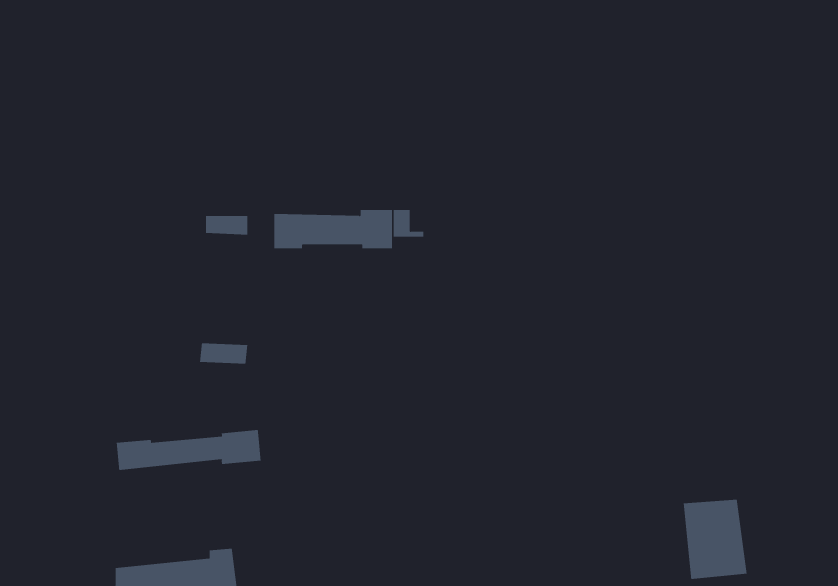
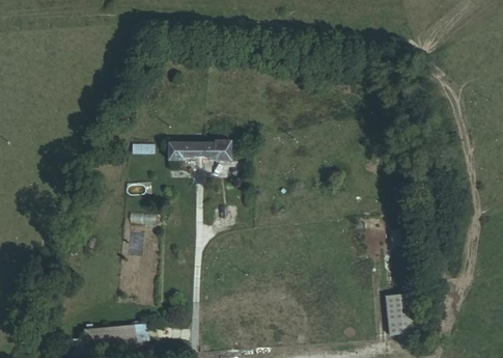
building: [116,429,261,471] -> none

